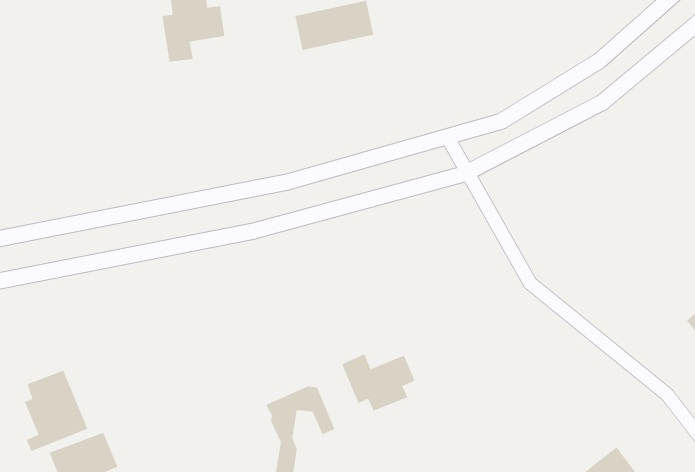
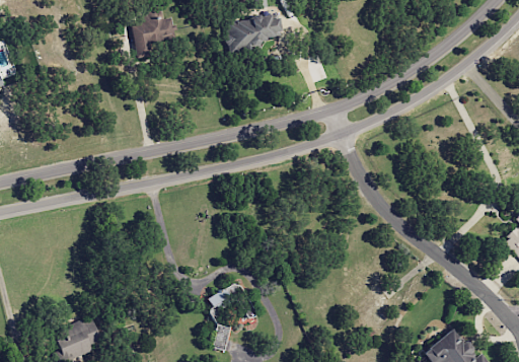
building: [342,353,415,412] -> none
building: [24,370,88,452] -> none

